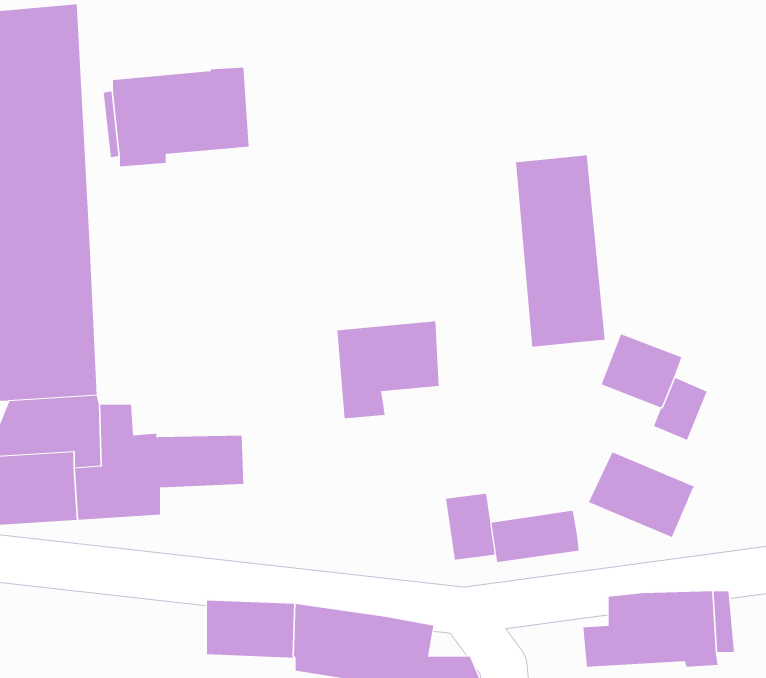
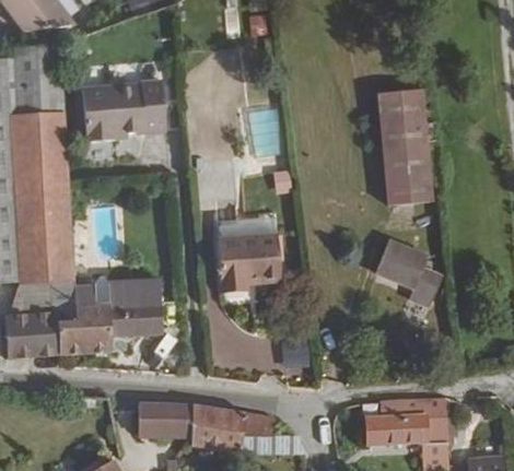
building: [515,155,606,347] -> [377,89,432,204]
building: none -> [93,280,160,304]
building: [588,452,696,538] -> none
building: [491,510,579,563] -> none

